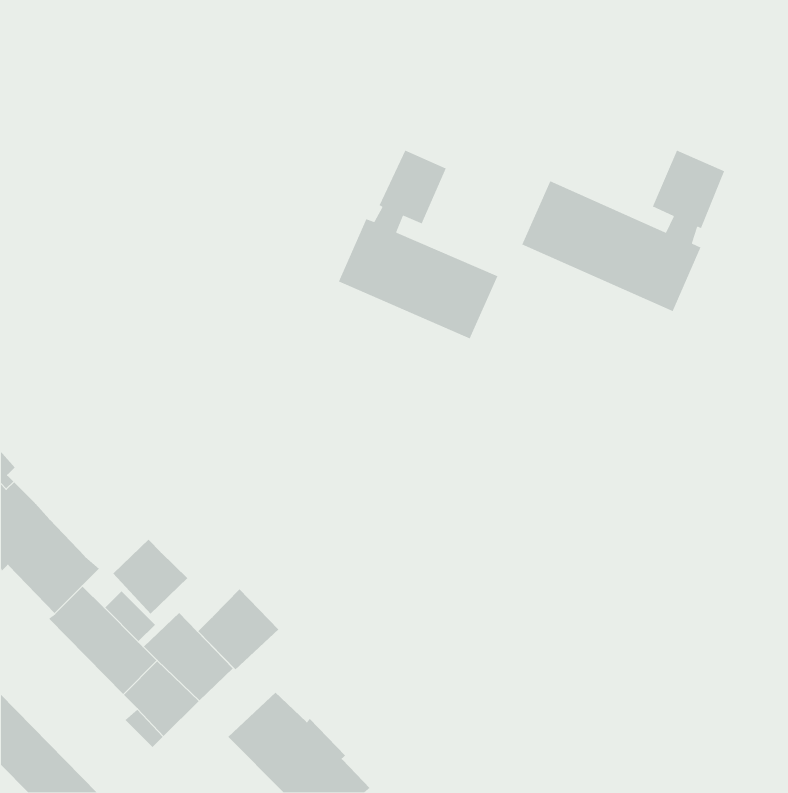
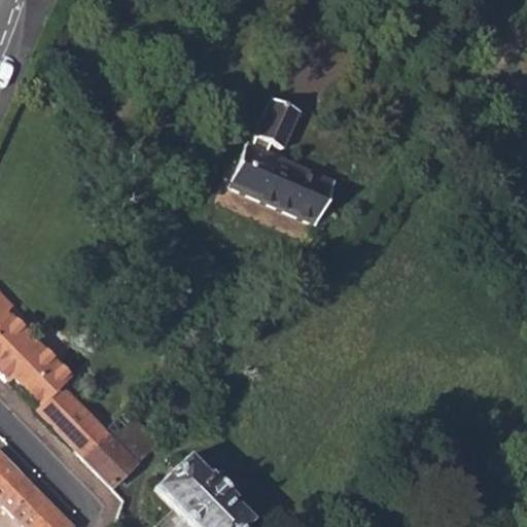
building: [521,150,725,312] -> none
building: [112,539,188,615] -> none
building: [197,589,279,670] -> none

